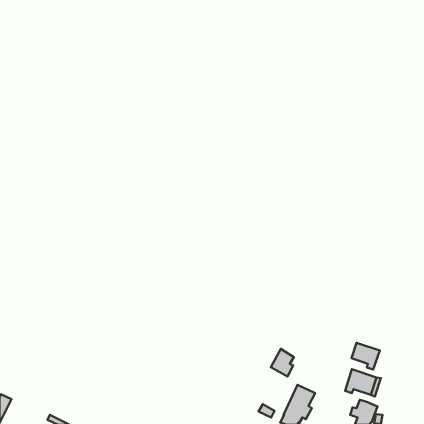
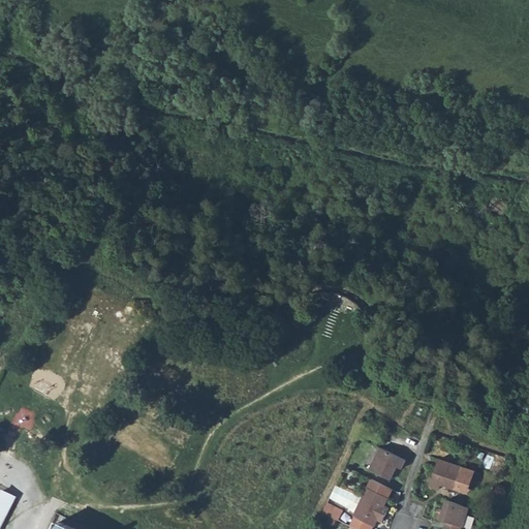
building: [351,343,380,370] -> none
building: [271,349,294,376] -> [368,446,397,480]

